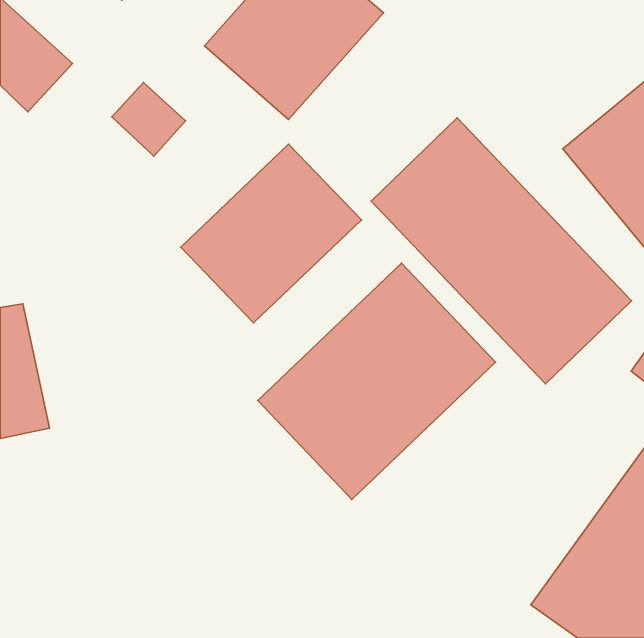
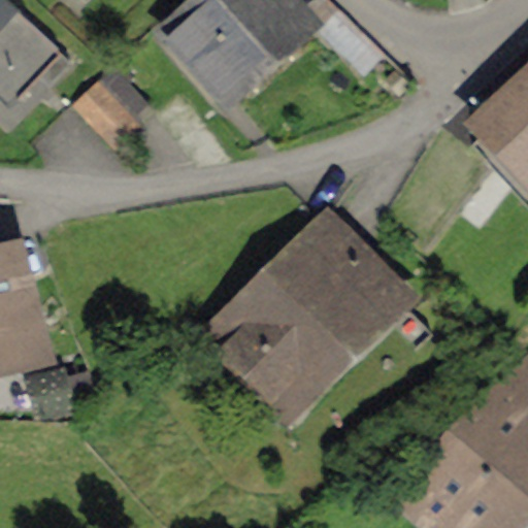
building: [371,118,632,384] -> none
building: [181,144,361,323] -> none

